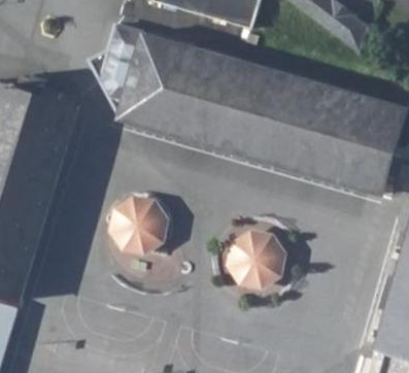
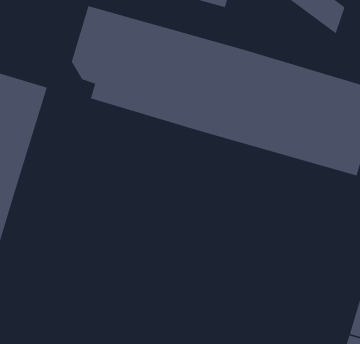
building: [109,192,170,255] -> none
building: [226,228,287,290] -> none

